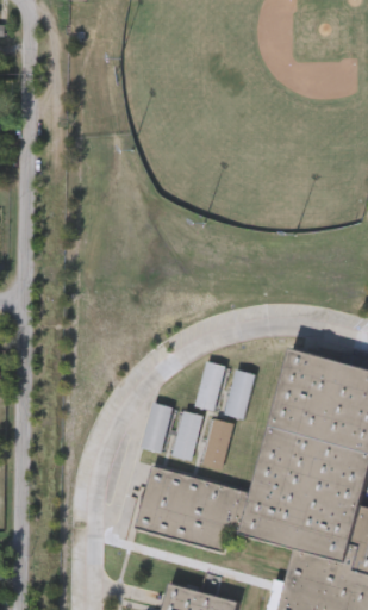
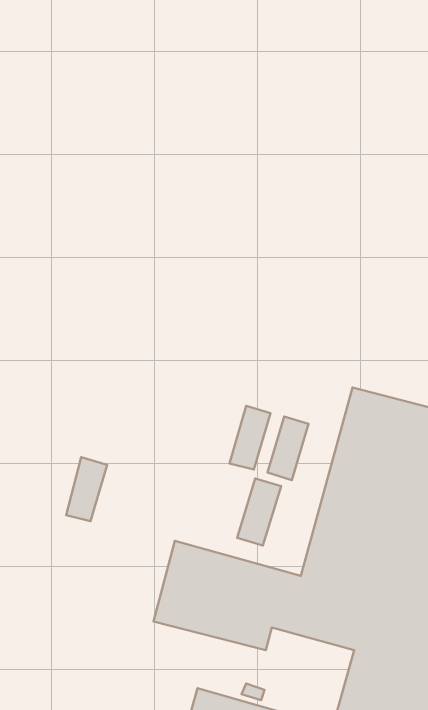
building: [142,402,174,452] -> [66,457,107,521]
building: [171,410,204,460] -> none

